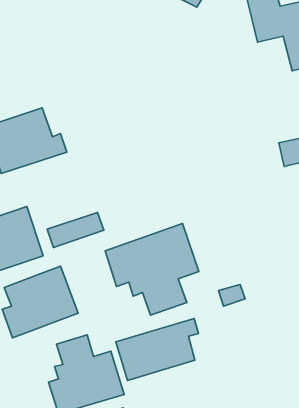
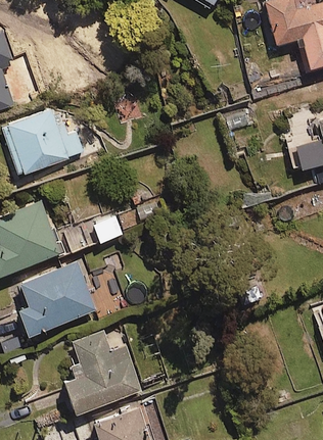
building: [105,224,199,315] -> none
building: [116,318,199,380] -> none

